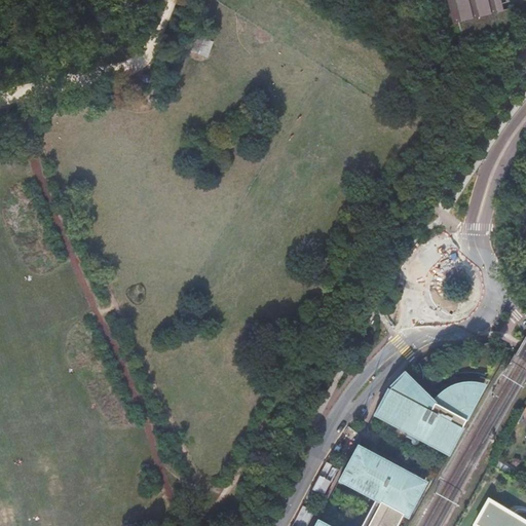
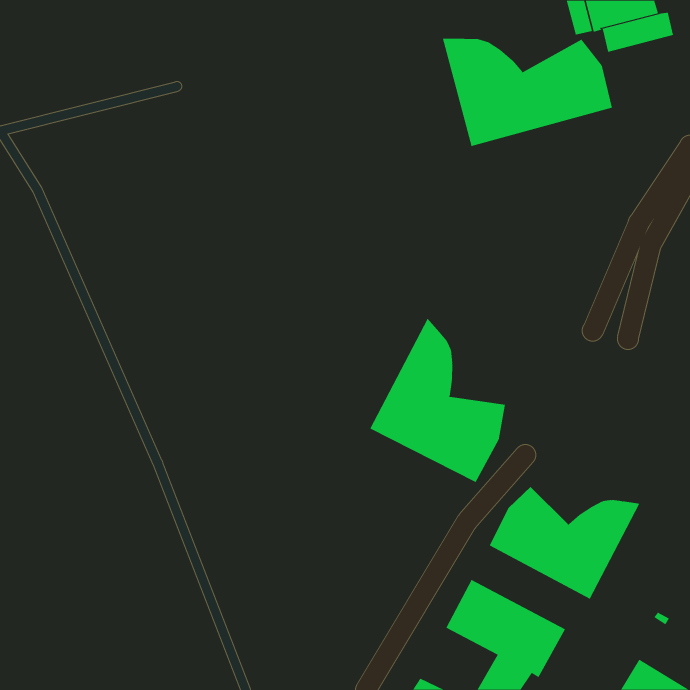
building: none -> [442,38,613,147]
building: none -> [370,318,506,483]

